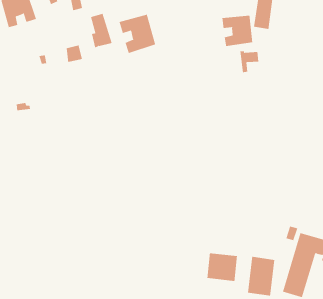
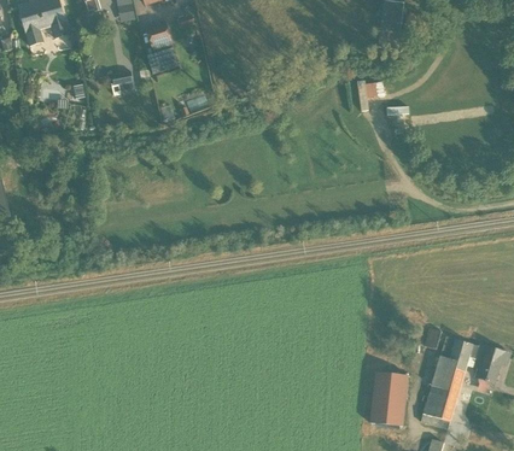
building: [119,14,156,54] -> none
building: [222,15,253,47] -> none
building: [207,252,237,282] -> none

